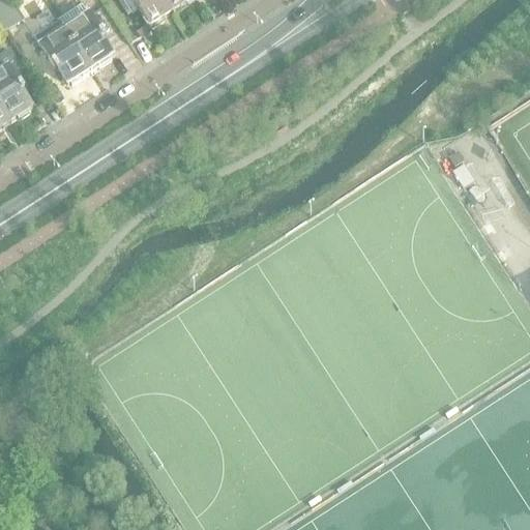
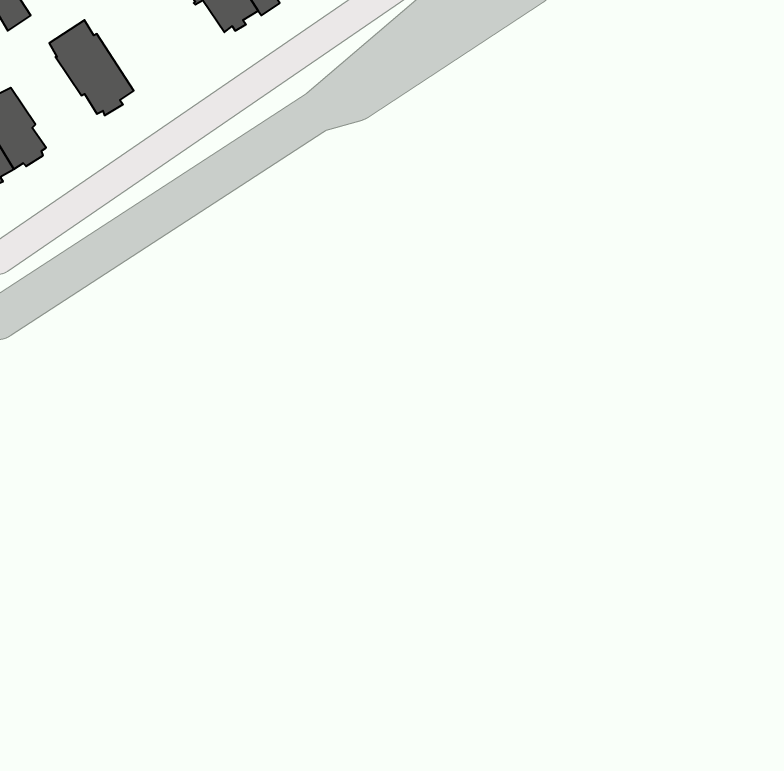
building: [65,6,112,61] -> none

